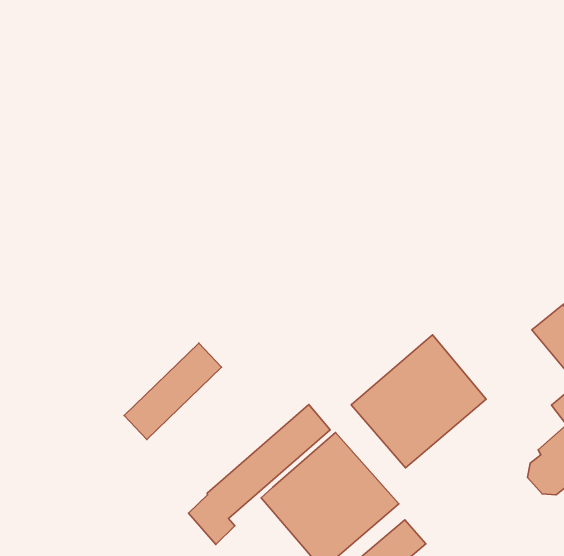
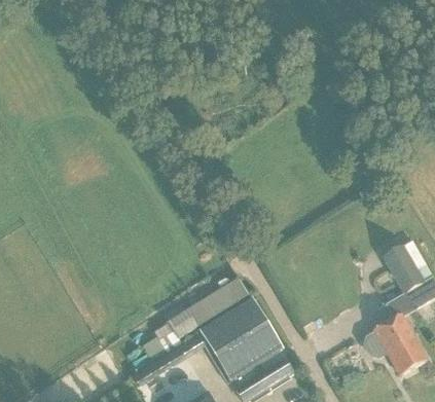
building: [351,335,486,468] -> none
building: [124,343,222,440] -> none

